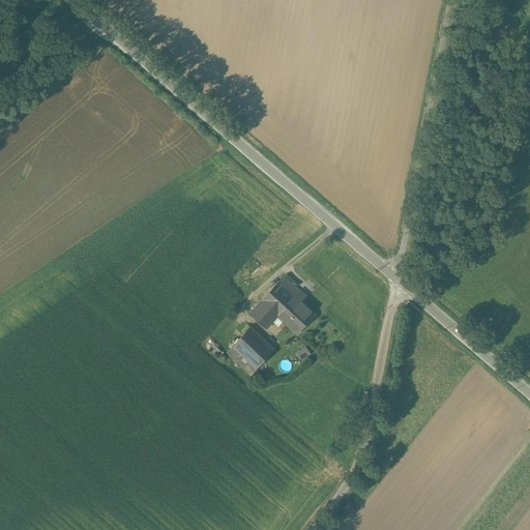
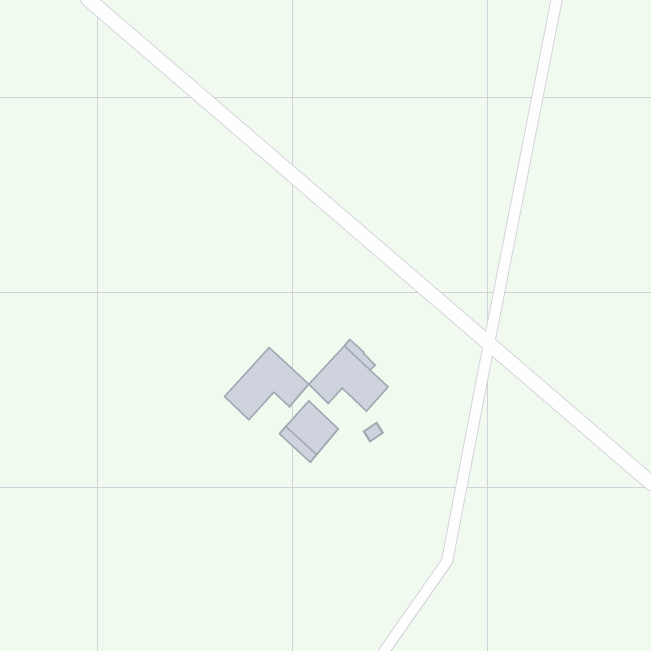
building: none -> [225,348,309,420]

